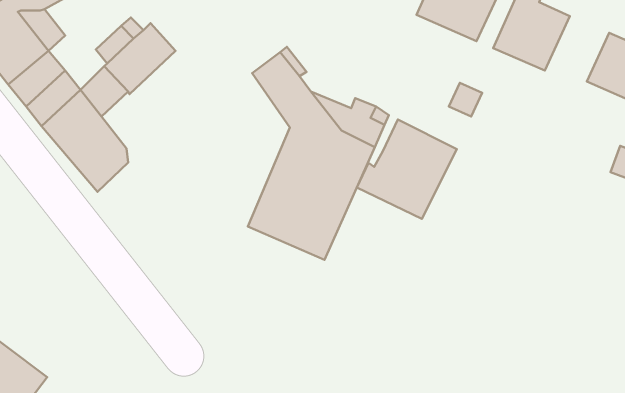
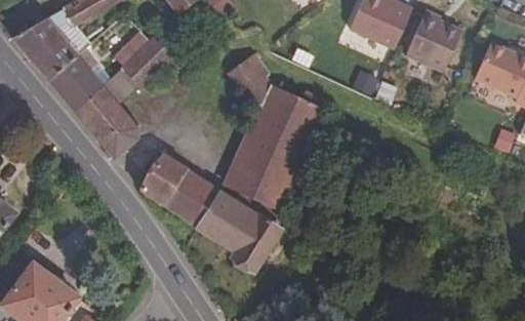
building: [357,119,457,219] -> none
building: none -> [139,155,278,272]

